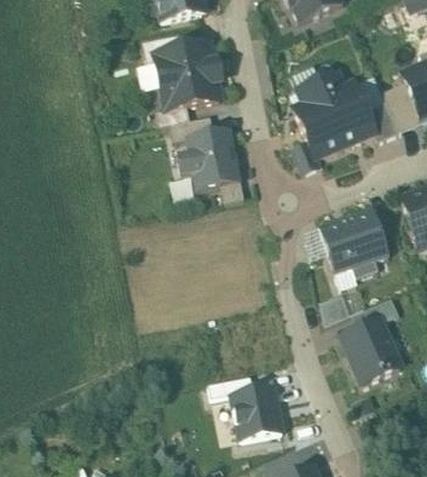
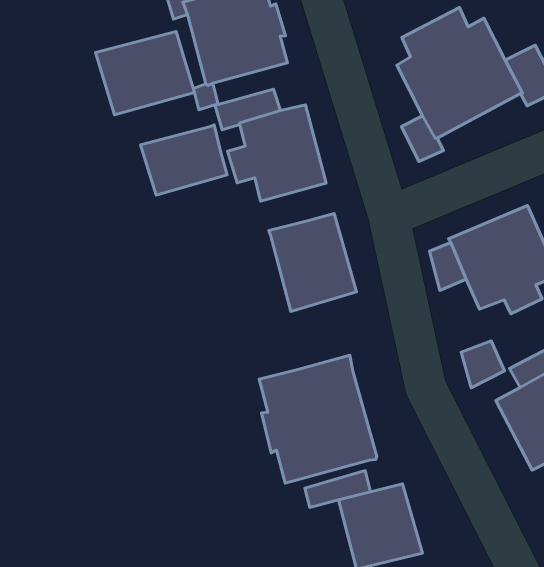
building: none -> [95,31,194,115]
building: none -> [141,125,227,195]
building: none -> [269,213,356,311]
building: none -> [259,355,377,483]

